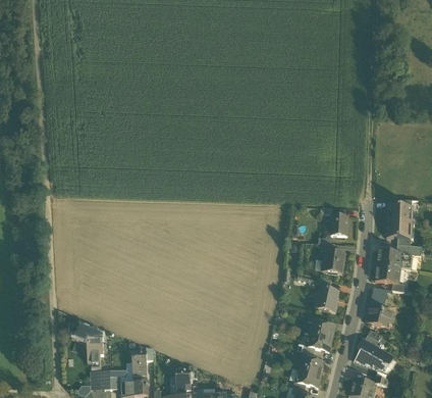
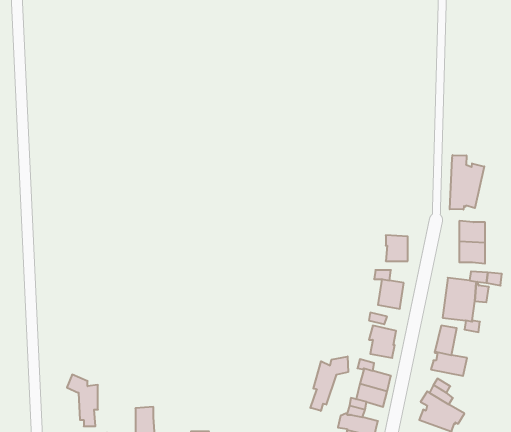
building: none -> [450,155,484,210]
building: none -> [310,356,348,411]

